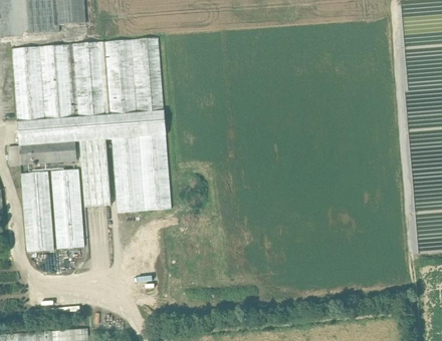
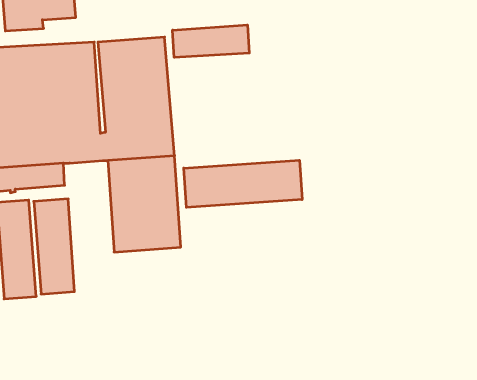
building: none -> [173,25,249,57]
building: none -> [184,160,302,207]
building: [79,138,111,202] -> none

